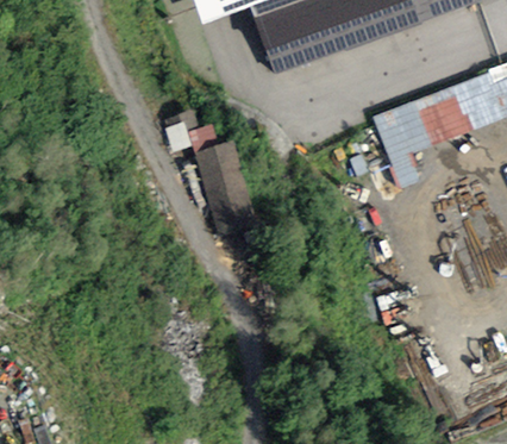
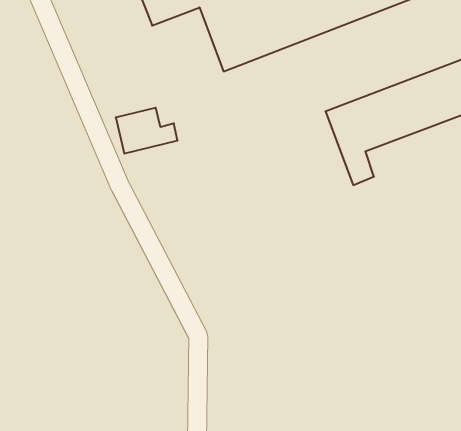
building: [194,142,256,234] -> none

